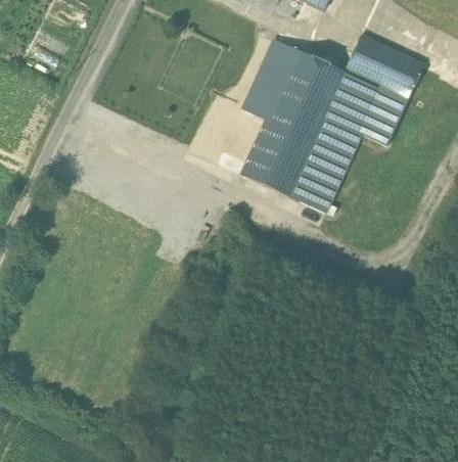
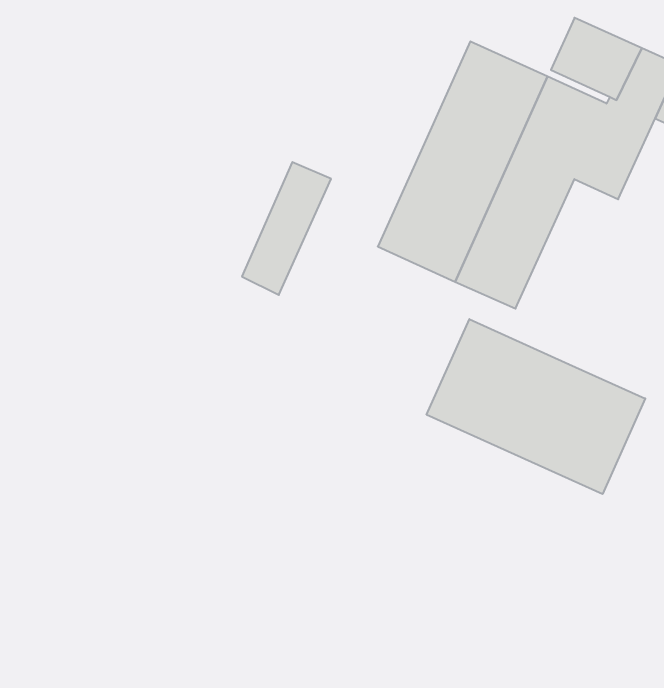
building: [243,39,297,120] -> [242,162,331,295]
building: none -> [427,319,645,494]

